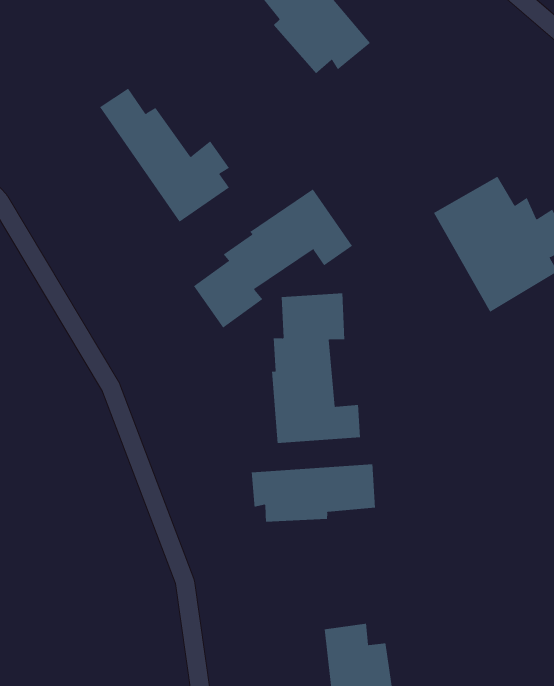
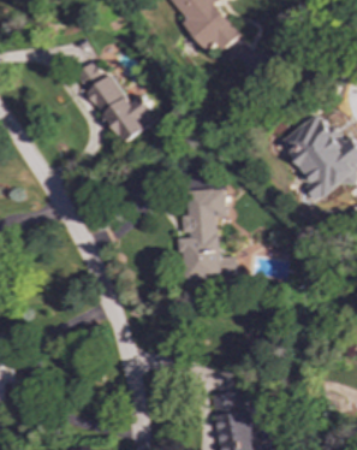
building: [193,188,353,328] -> none
building: [251,463,375,522] -> none

